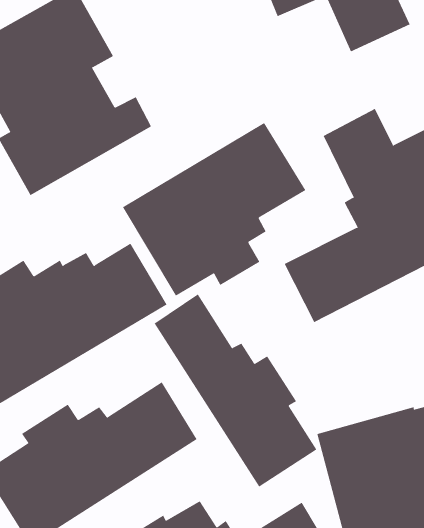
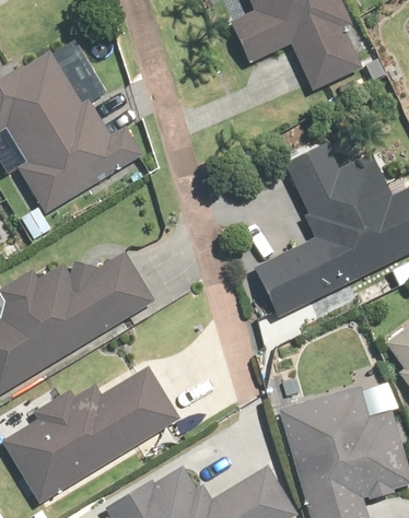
building: [122,122,306,296] -> none
building: [154,294,317,488] -> none

